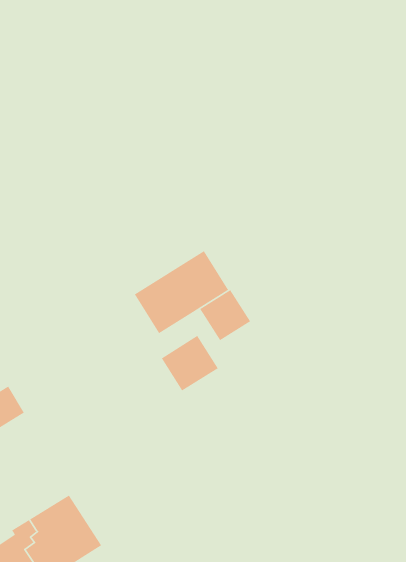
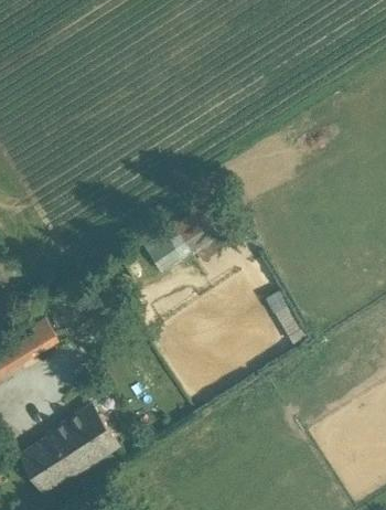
building: [199,289,251,341] -> none
building: [161,335,219,391] -> none

